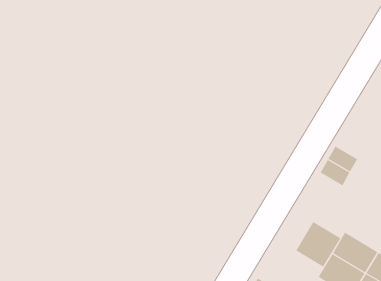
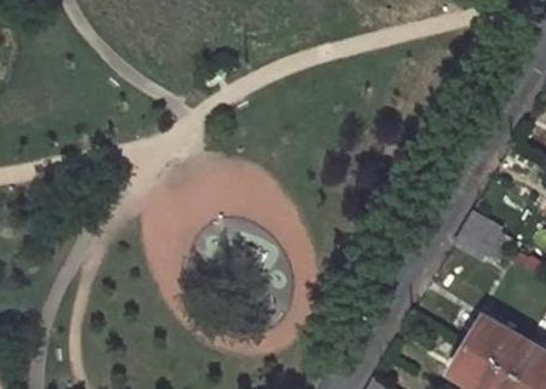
building: [296,221,341,268] -> none

